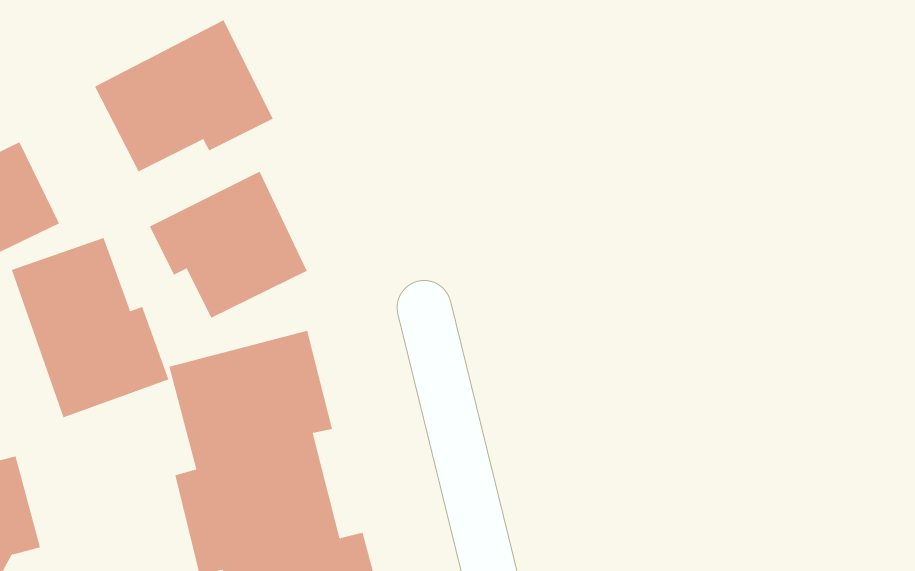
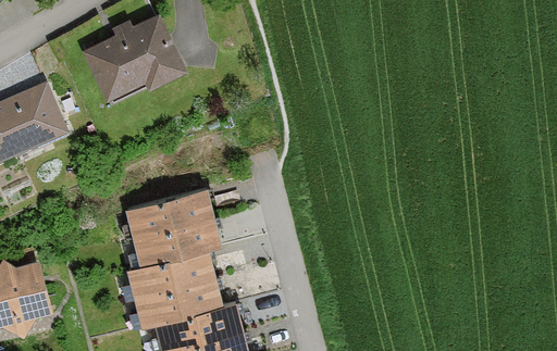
building: [149,171,308,318] -> none
building: [11,237,169,418] -> none

